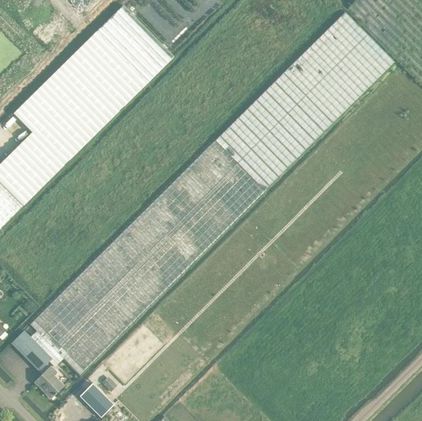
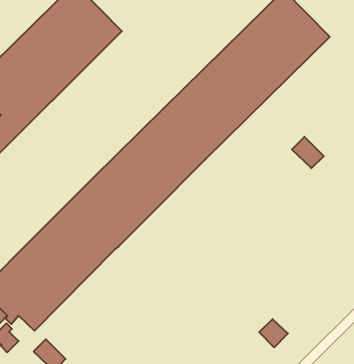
building: none -> [292,137,324,168]
building: none -> [259,319,288,347]

